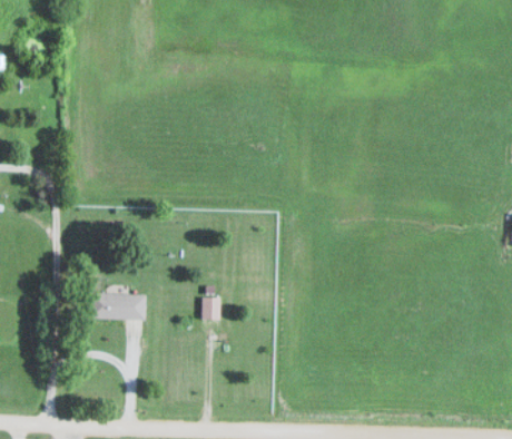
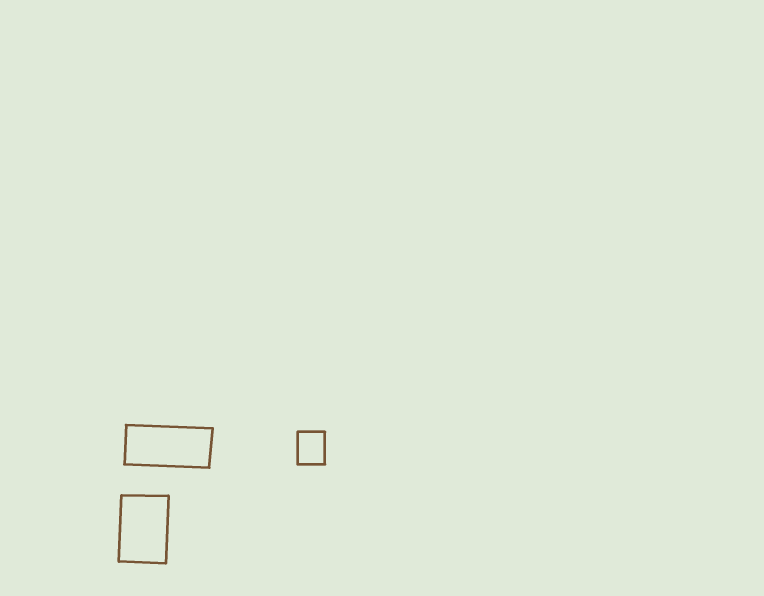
building: none -> [119,495,168,563]

